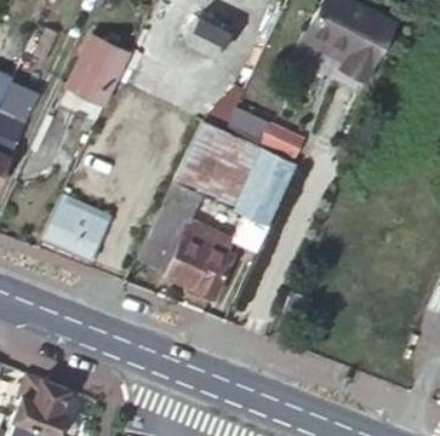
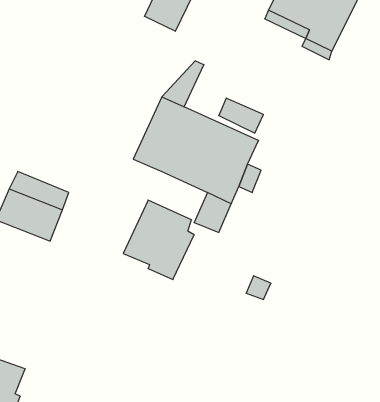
building: [70,36,131,104] -> none
building: [137,182,202,274] -> none

